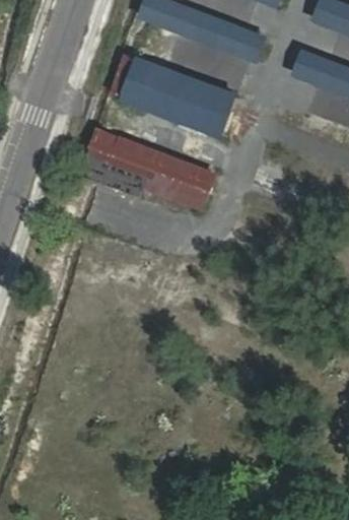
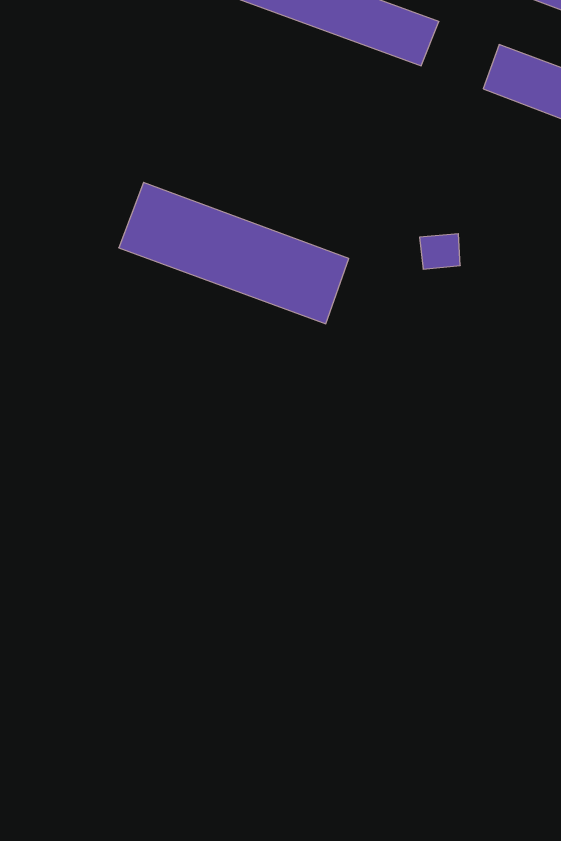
building: [122,59,232,133] -> none

